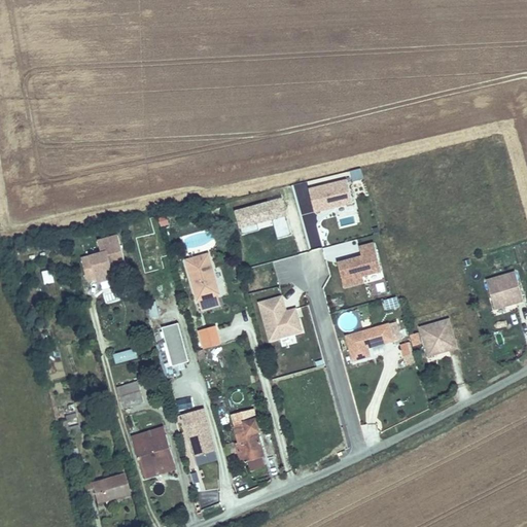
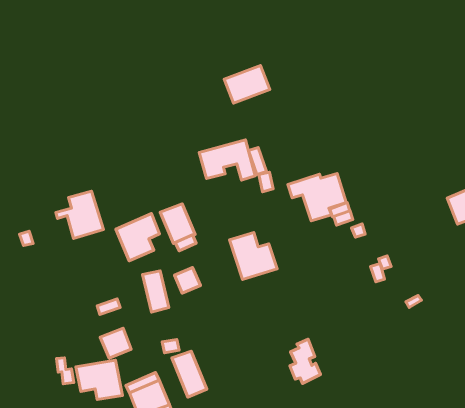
building: [306,178,352,214] -> [224,66,270,103]
building: none -> [116,214,160,261]
building: [418,317,455,354] -> none
building: [343,321,391,358] -> none
building: none -> [76,360,122,400]
building: [232,419,262,464] -> [290,339,321,383]

